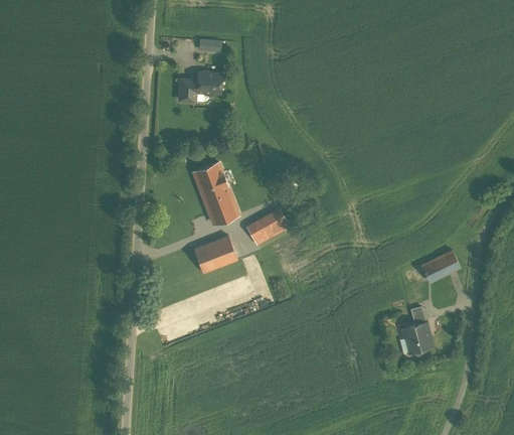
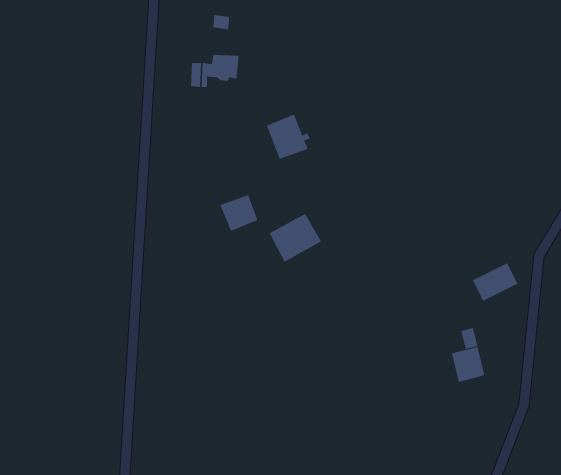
building: [193,162,231,201] -> [266,114,311,160]
building: [193,236,236,272] -> none

